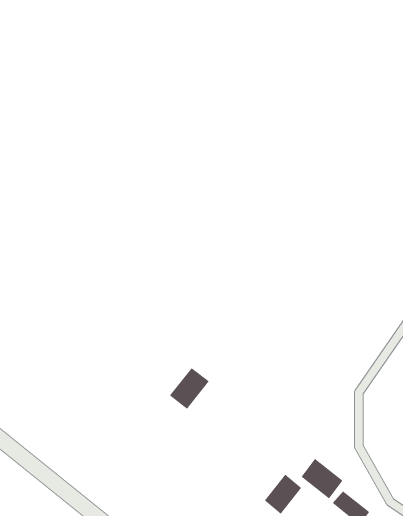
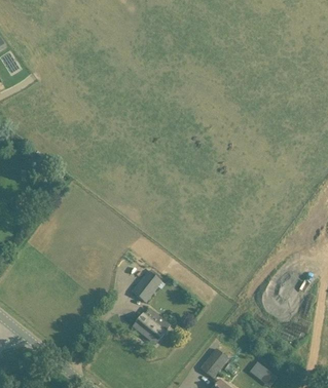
building: none -> [133,308,169,344]
building: [300,458,343,500] -> none

